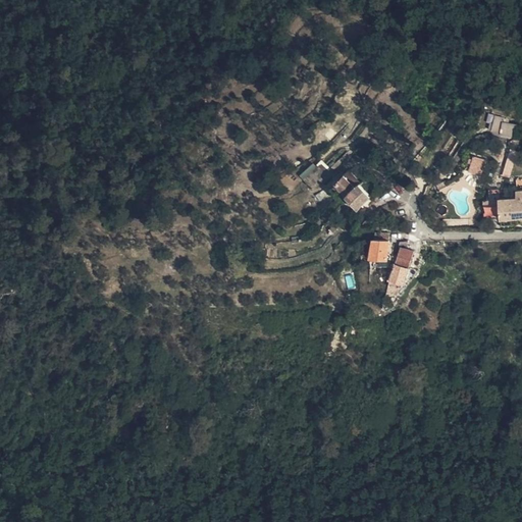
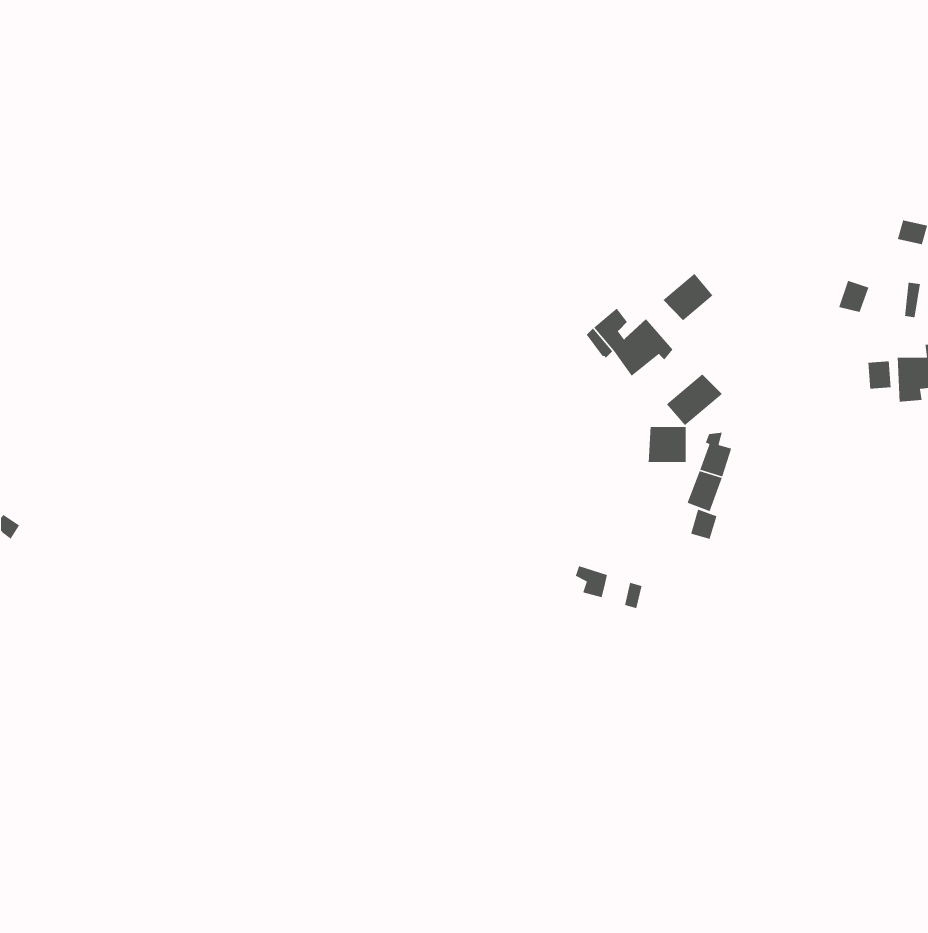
building: none -> [663,273,714,321]
building: none -> [666,374,723,426]

